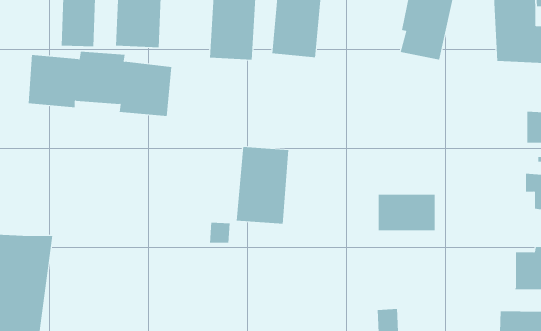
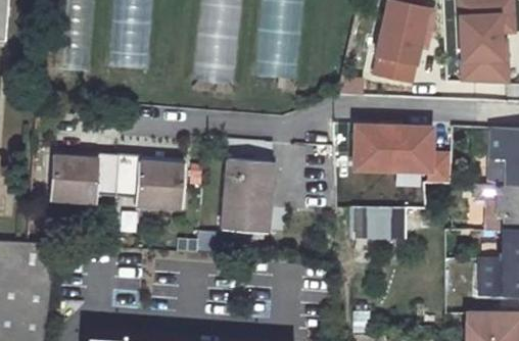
building: [28,51,172,117] -> [49,150,182,210]
building: none -> [357,120,453,174]

